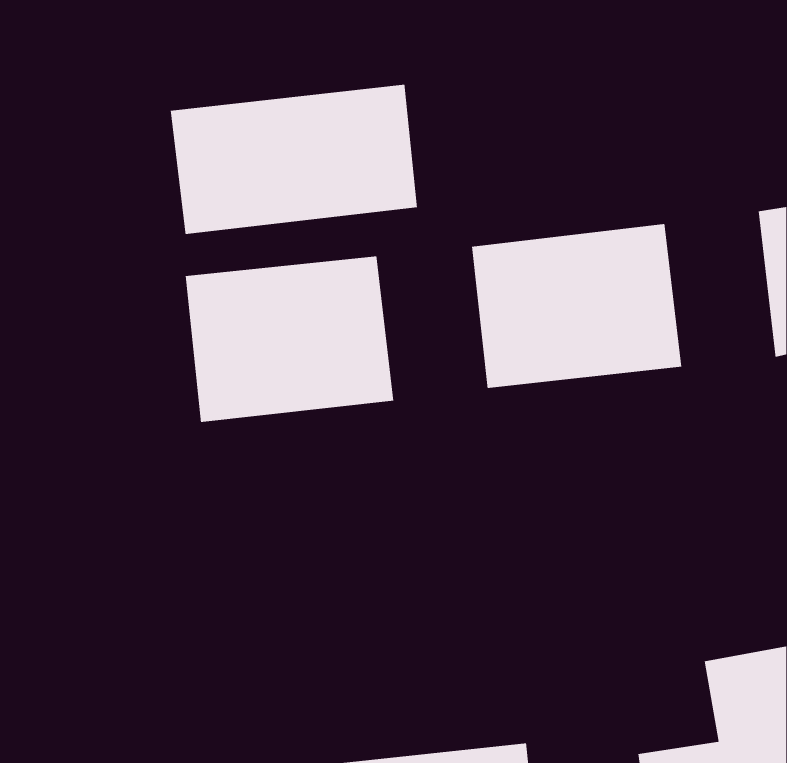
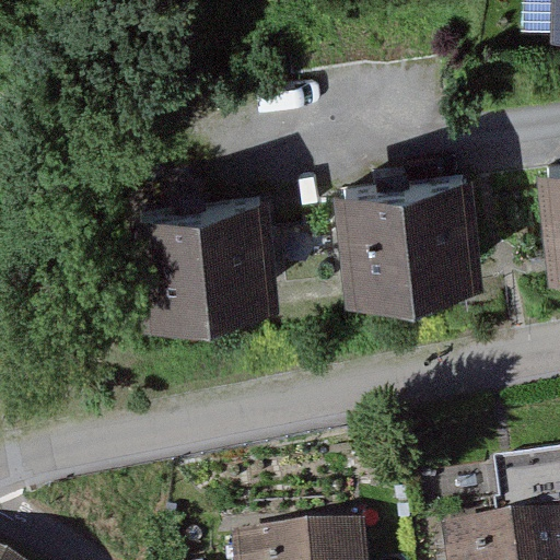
building: [170,84,418,235] -> none

